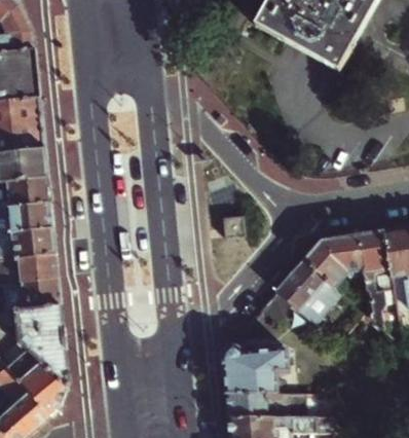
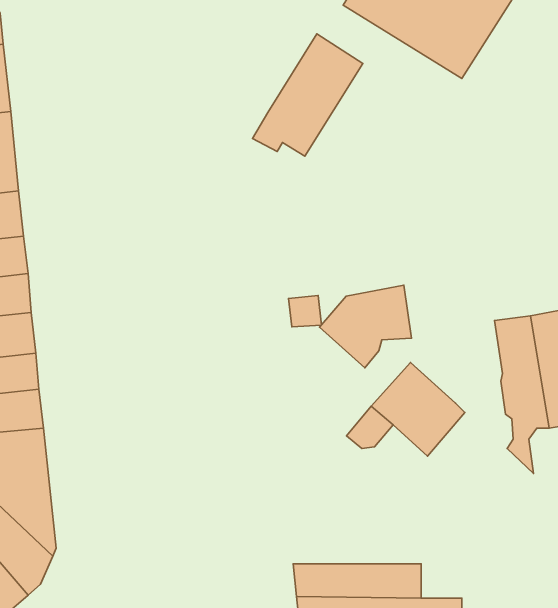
building: none -> [252,34,363,156]
building: [302,233,363,288] -> [320,285,412,368]
building: [221,342,294,394] -> none

